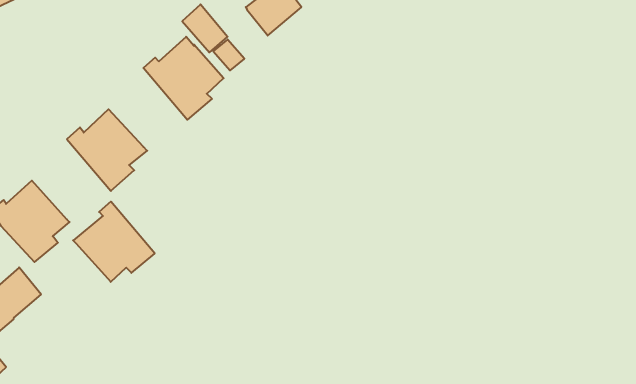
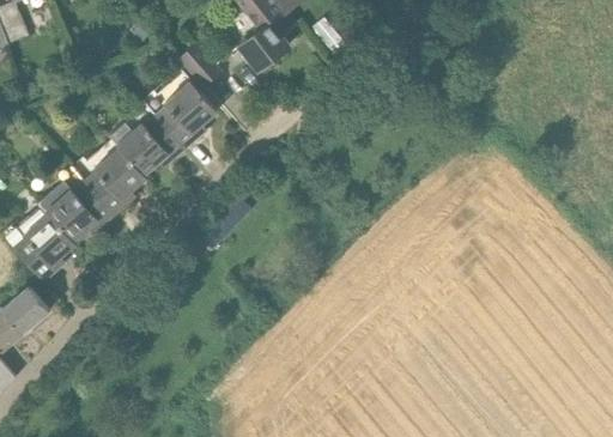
building: none -> [110,102,183,175]
building: [73,202,155,282] -> [37,168,113,242]

